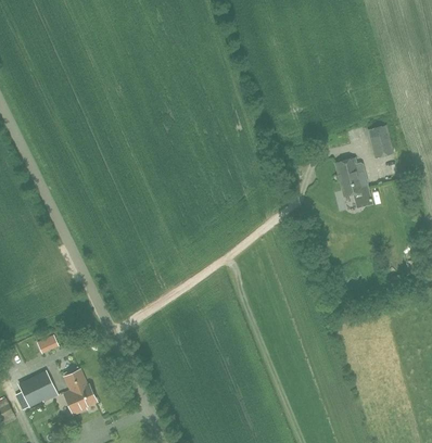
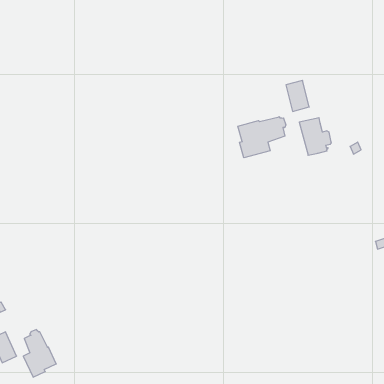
building: [371,127,394,157] -> [286,80,309,111]
building: none -> [238,117,286,158]

